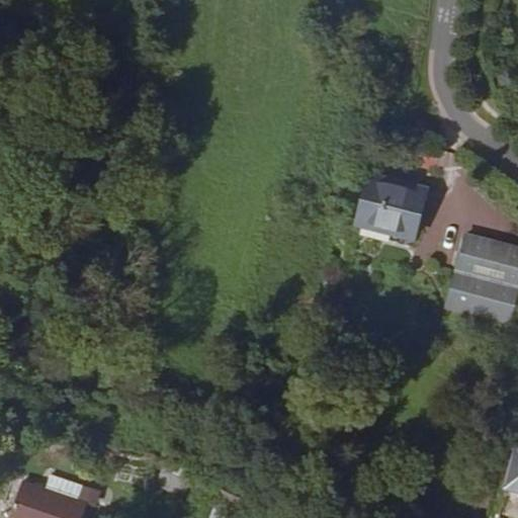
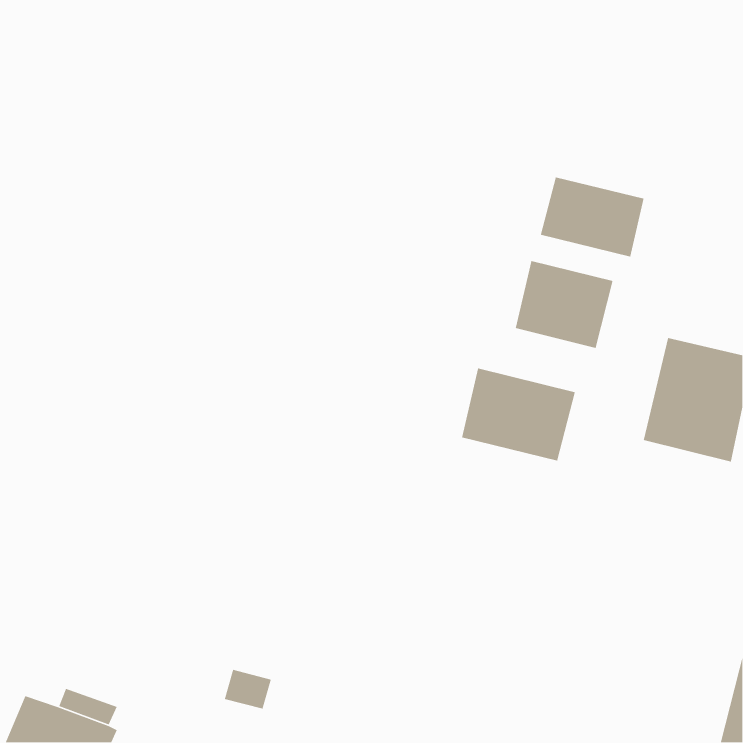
building: none -> [540,176,645,257]
building: none -> [461,368,576,461]

